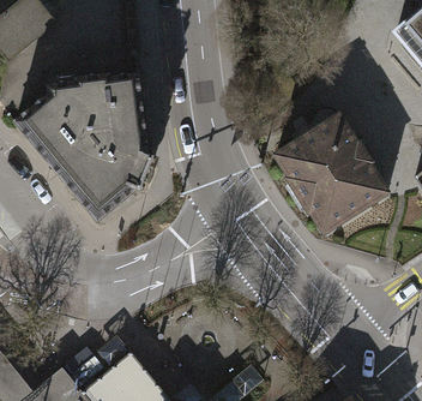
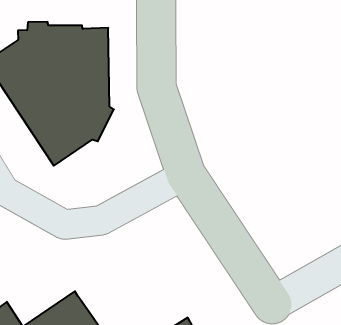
building: [276,116,387,233] -> none

